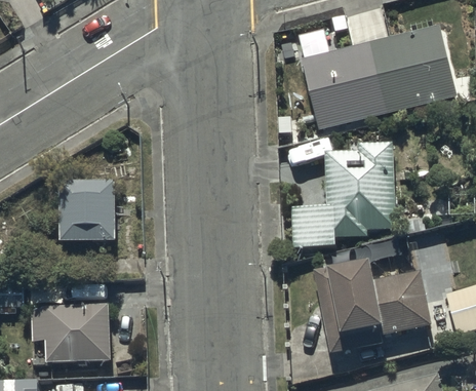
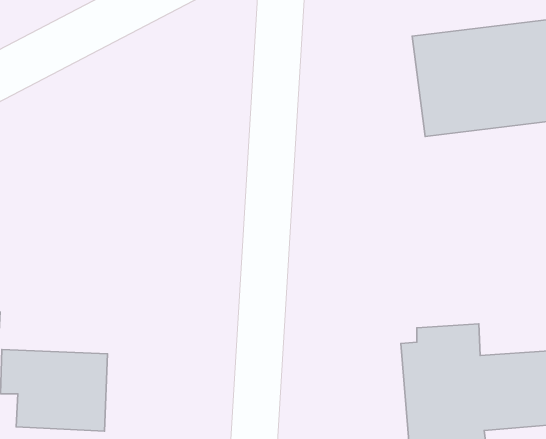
building: [290,143,396,249] -> none
building: [58,183,114,241] -> none

